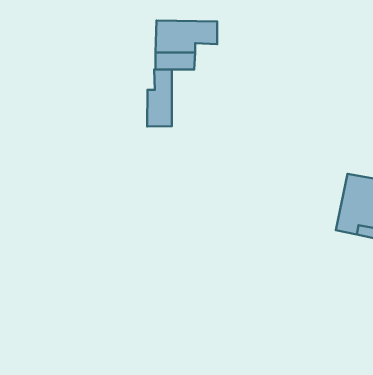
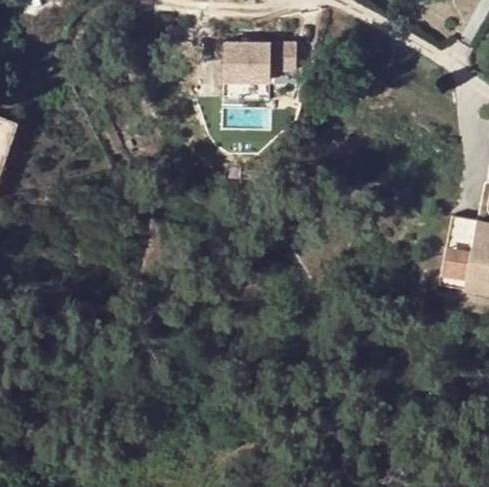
building: [147,69,172,126] -> none

